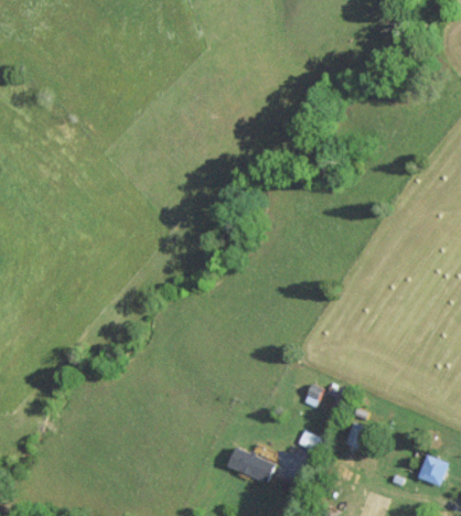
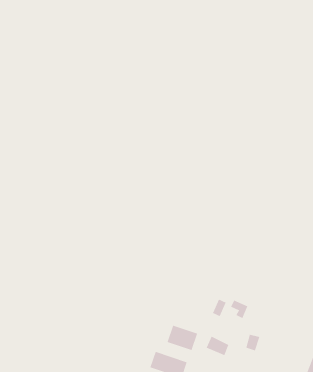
building: none -> [167,325,198,351]

